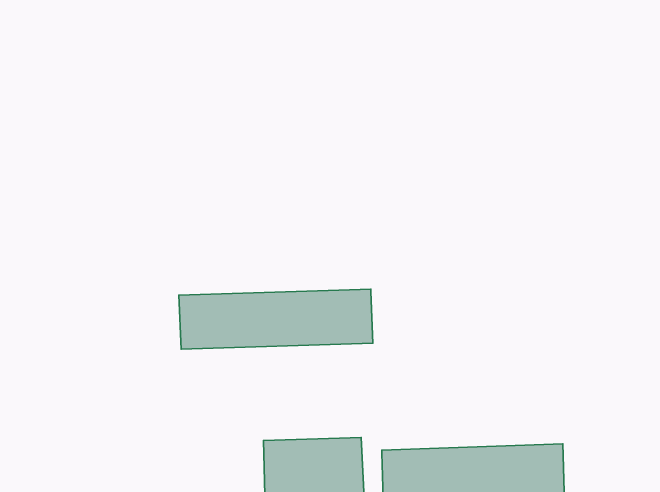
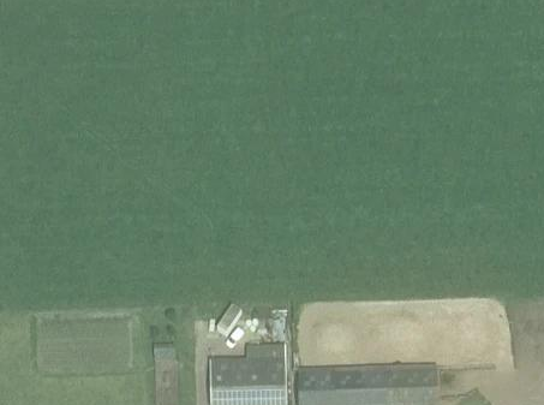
building: [179,289,373,349] -> none

